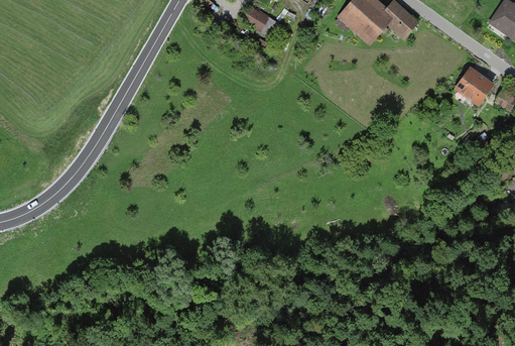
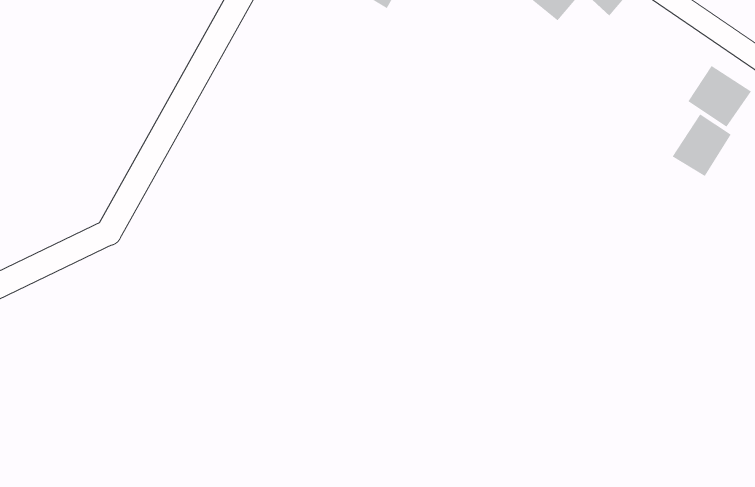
building: none -> [672,114,732,177]

